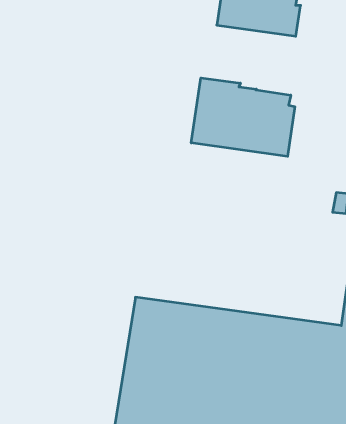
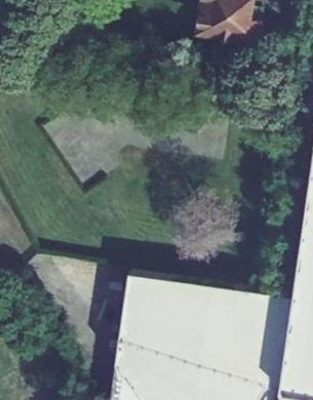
building: [191,78,295,156] -> none

